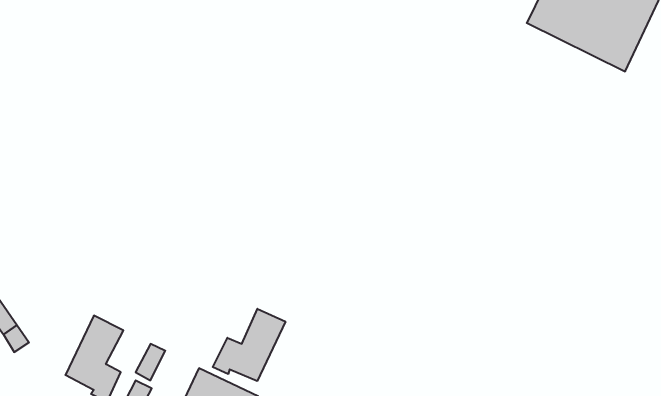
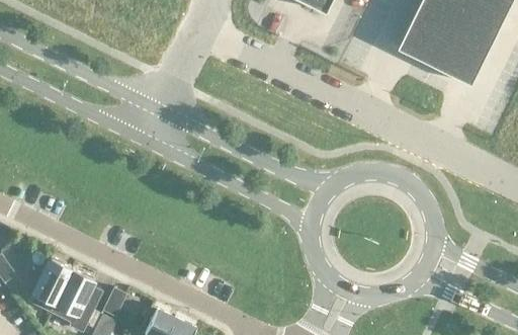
building: none -> [29,258,73,313]
building: [213,309,285,381] -> none

